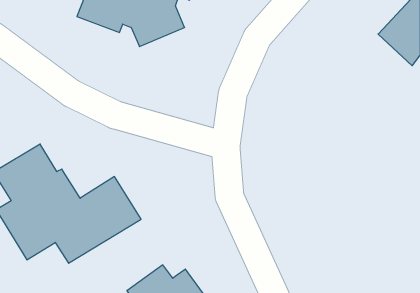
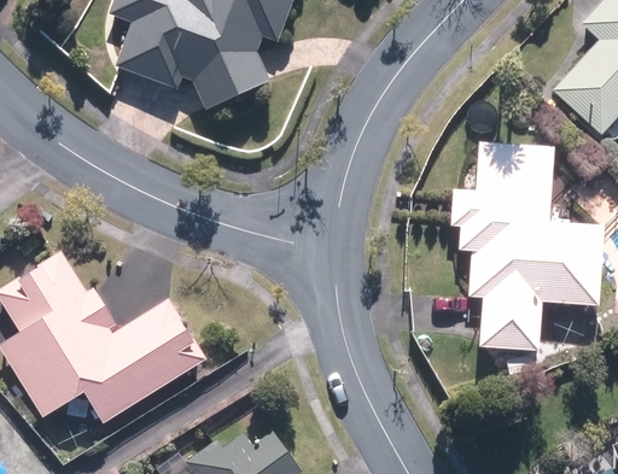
building: none -> [449,141,605,350]

